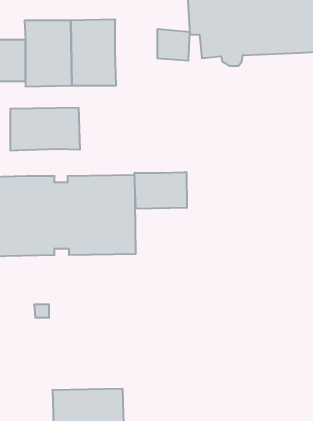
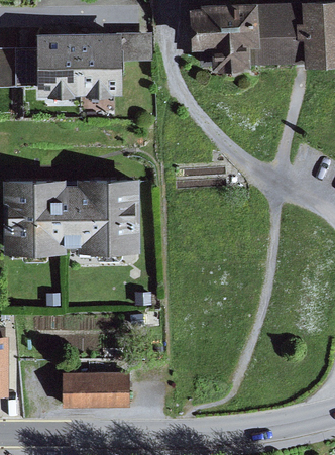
building: [157,29,190,60] -> [121,36,151,66]
building: [10,108,80,151] -> none
building: [135,172,187,209] -> none

